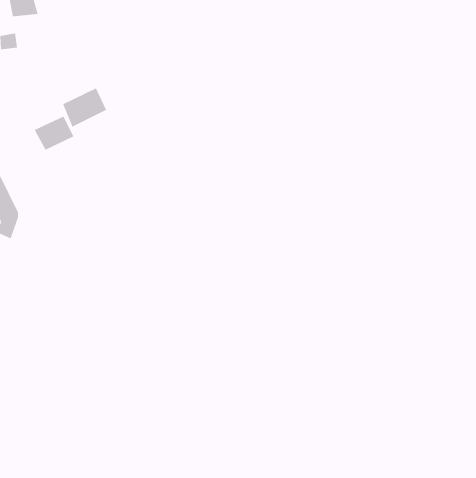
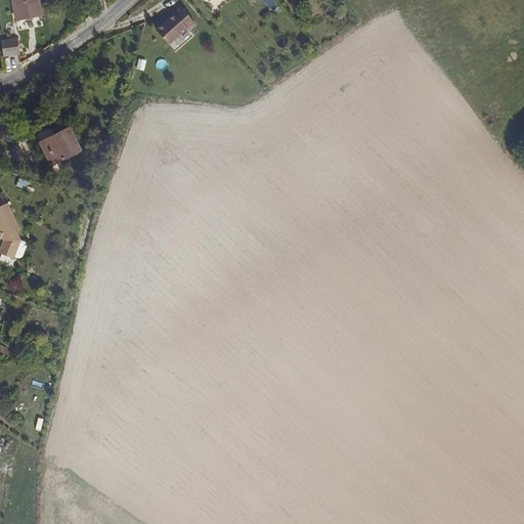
building: none -> [155,5,194,42]
building: [62,88,107,127] -> none

